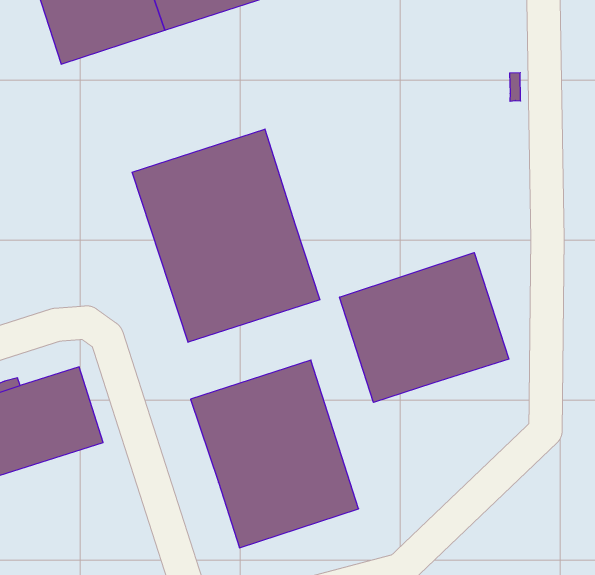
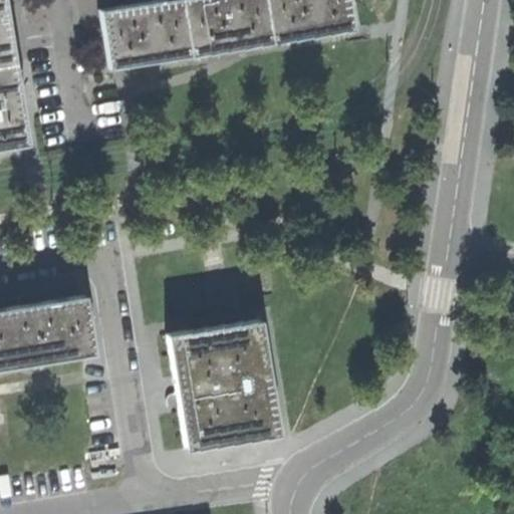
building: [132,129,320,342] -> none
building: [340,253,509,402] -> none

